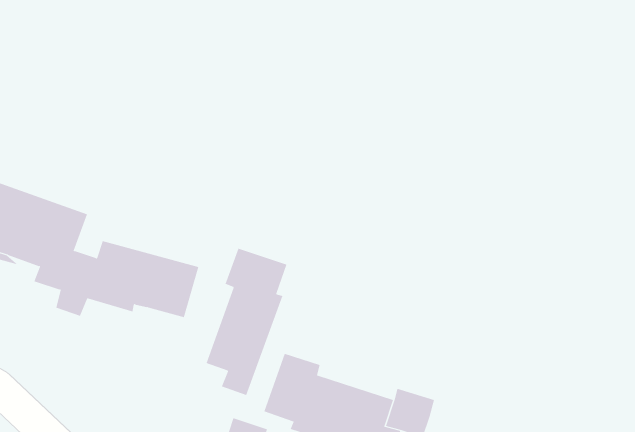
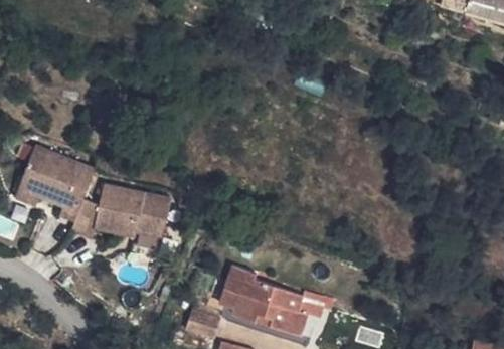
building: [206,248,287,396] -> none

